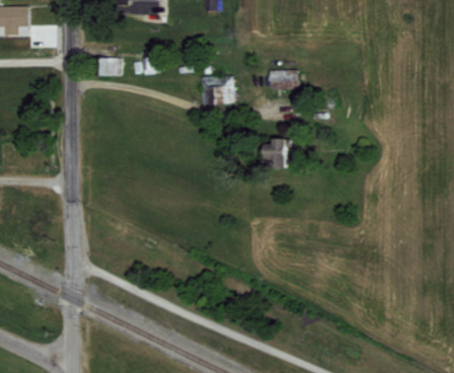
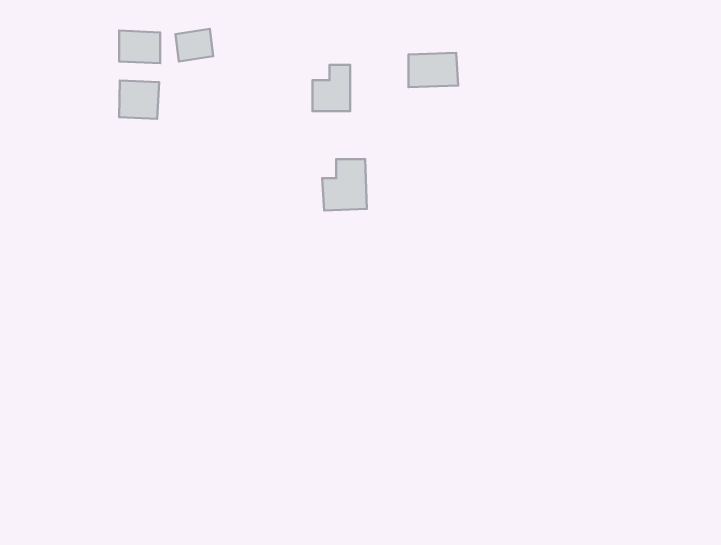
building: none -> [119,80,159,119]
building: [257,138,284,168] -> [322,159,367,211]

